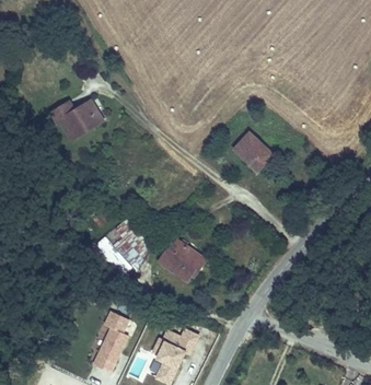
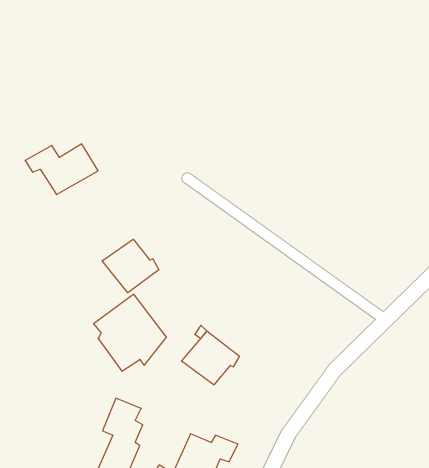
building: [233,132,271,168] -> none
building: none -> [102,239,159,293]

